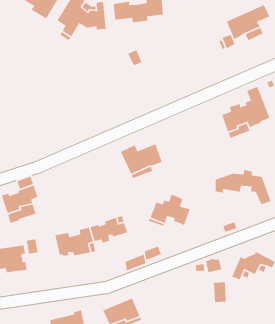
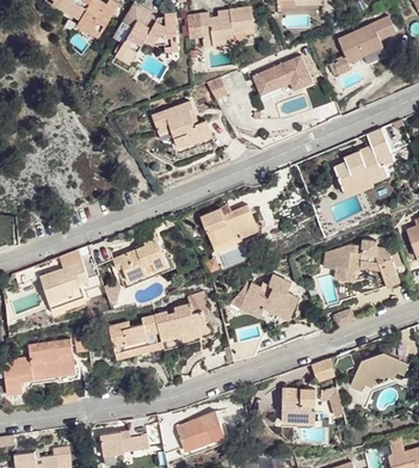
building: none -> [253,56,313,97]
building: none -> [153,104,212,147]
building: none -> [113,232,168,279]
building: none -> [277,386,312,415]

